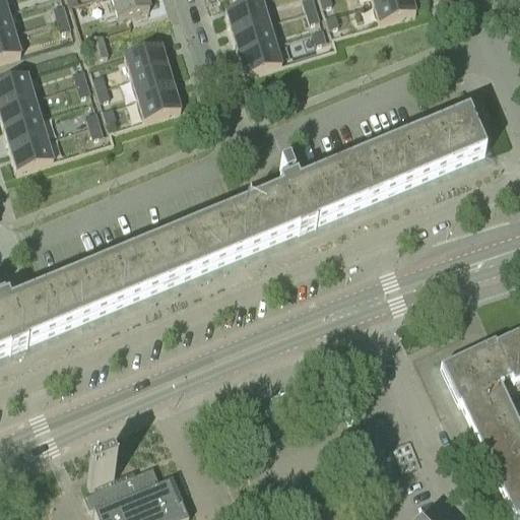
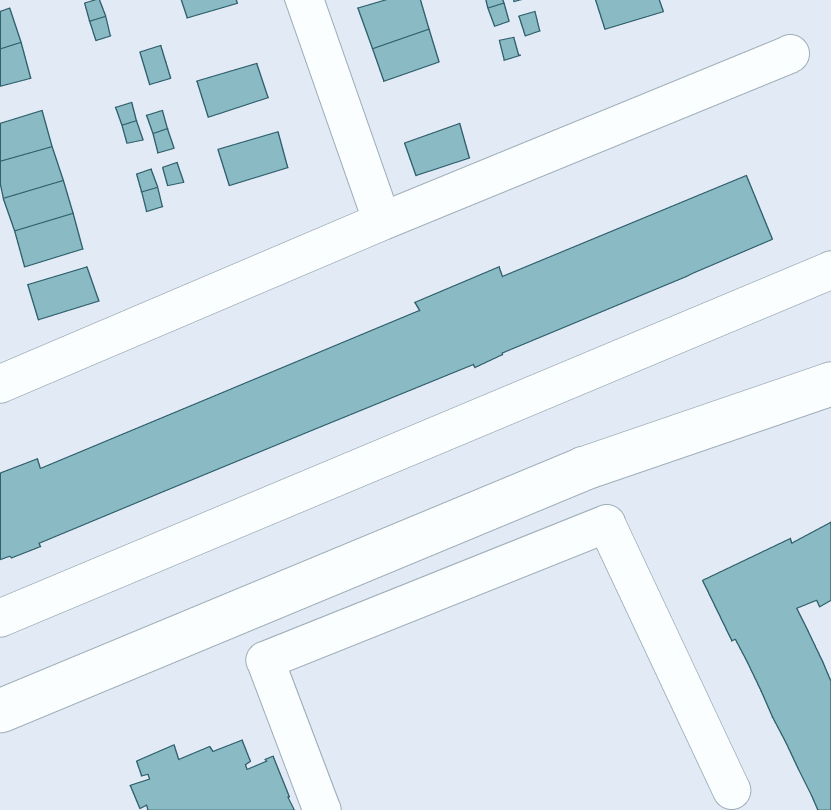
building: [240,39,280,71] -> [405,124,470,176]
building: [130,61,174,93] -> none
building: none -> [28,267,99,320]

